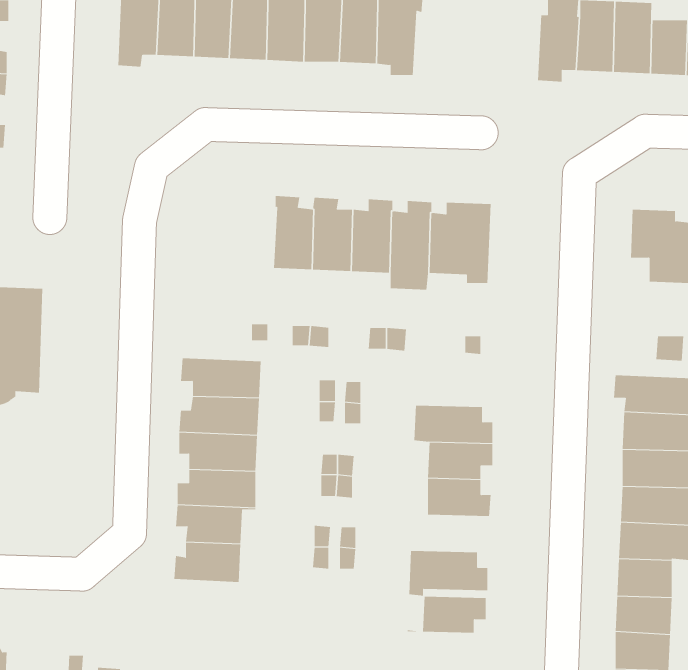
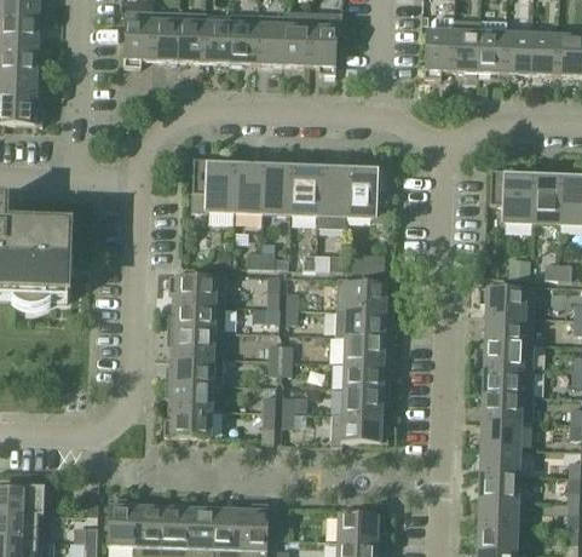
building: none -> [191,159,237,212]
building: none -> [336,278,394,311]
building: [407,596,486,633] -> [333,389,390,415]

